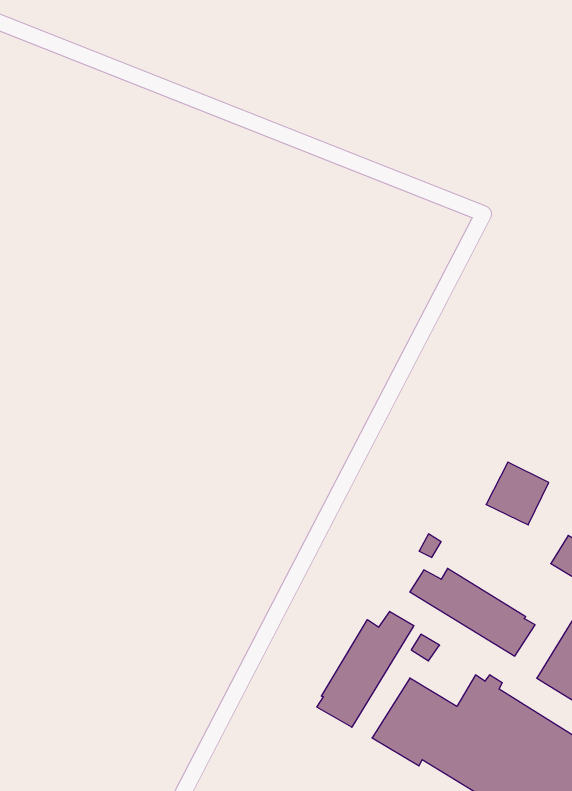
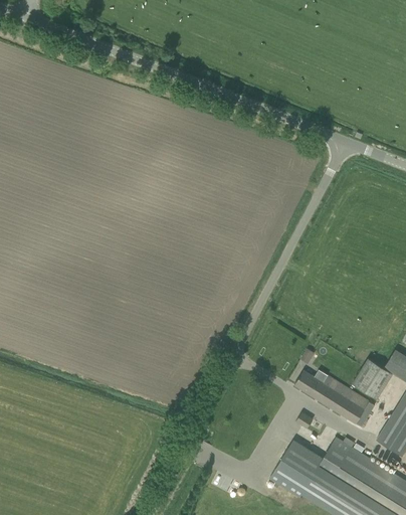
building: [486,462,549,525] -> [352,358,392,398]
building: [317,611,414,727] -> none

